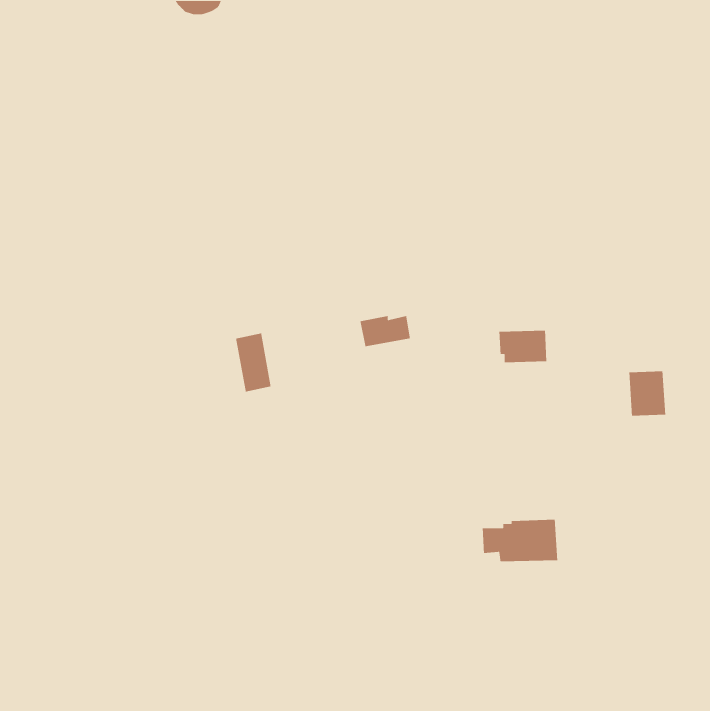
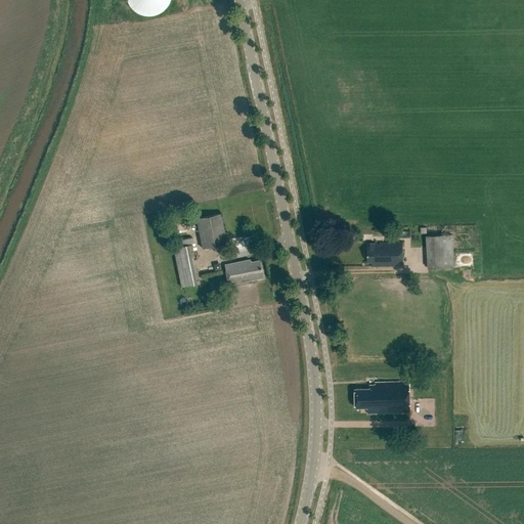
building: none -> [195,214,226,249]
building: [359,315,411,347] -> [223,261,261,285]
building: [628,371,666,416] -> [426,235,453,269]

